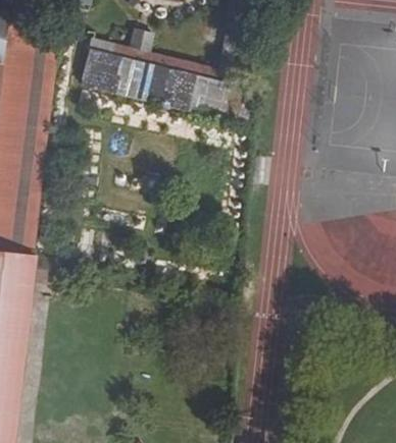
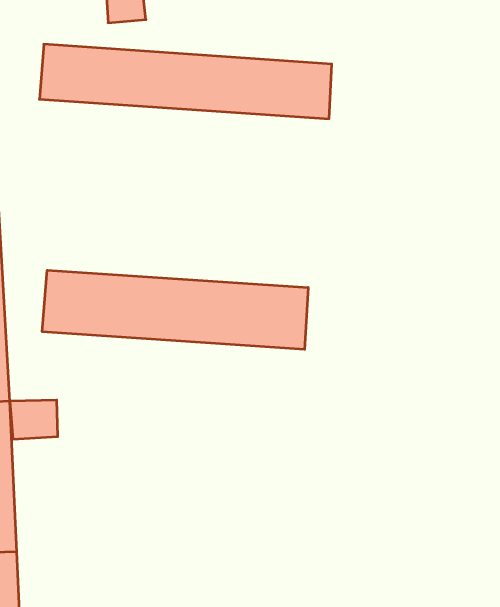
building: none -> [42,270,308,349]

